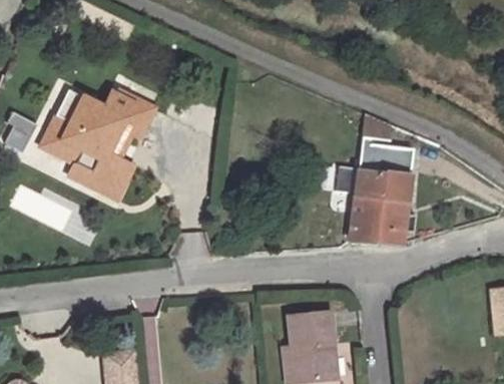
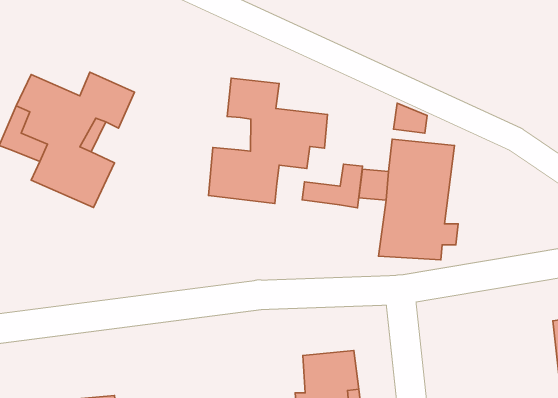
building: none -> [209,78,327,203]
building: none -> [302,164,362,208]

